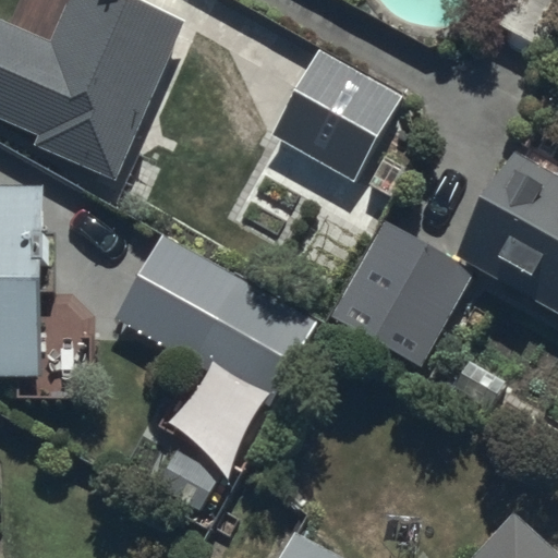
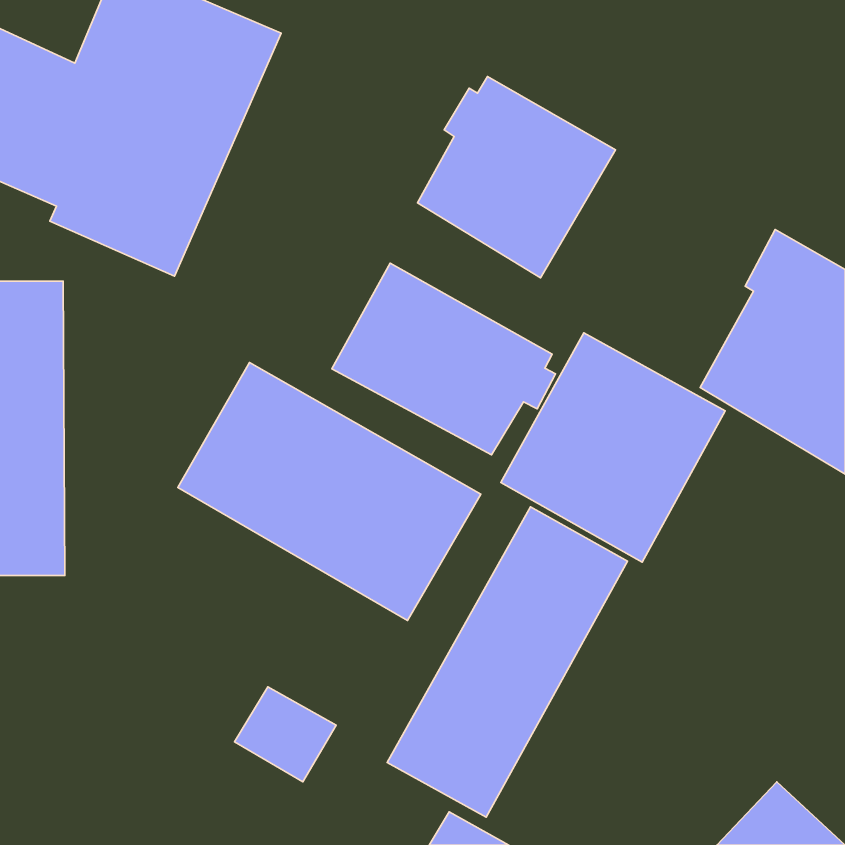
building: none -> [332,263,556,455]
building: none -> [387,507,627,817]

